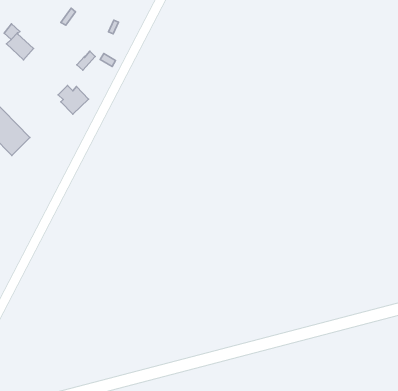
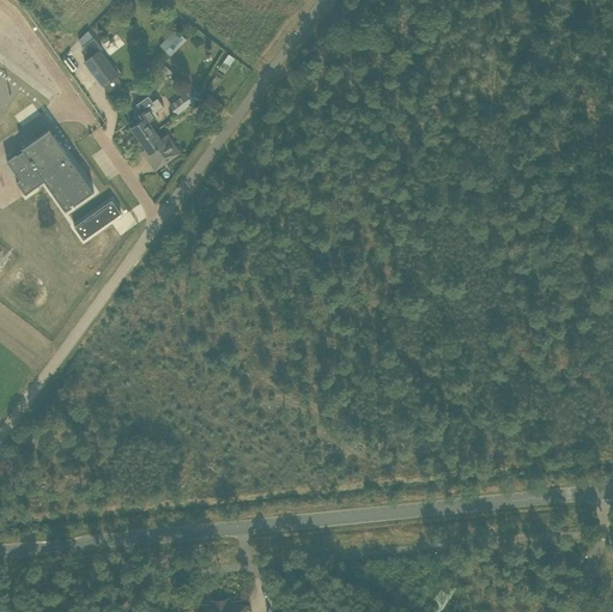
building: none -> [131,98,163,140]
building: none -> [73,198,121,238]

